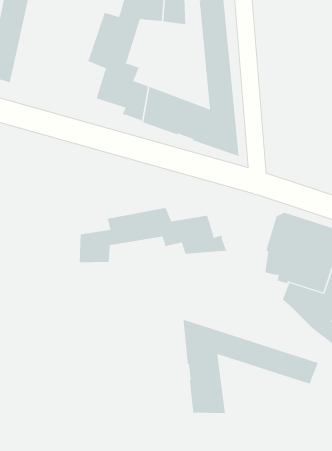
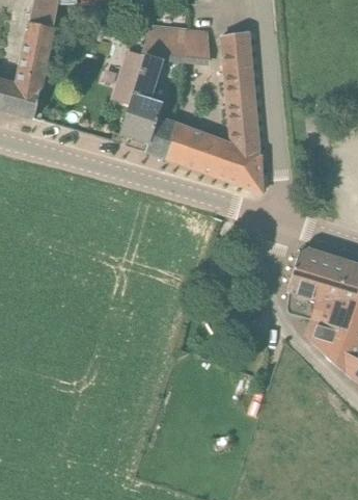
building: [79,207,228,263] -> none
building: [183,319,319,414] -> none

